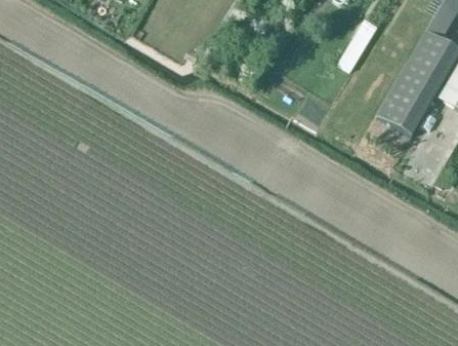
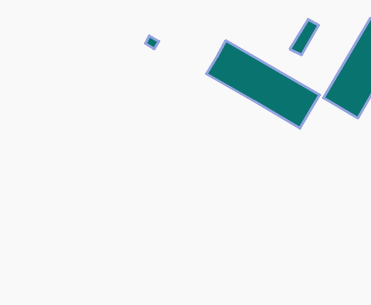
building: none -> [206,41,320,128]

